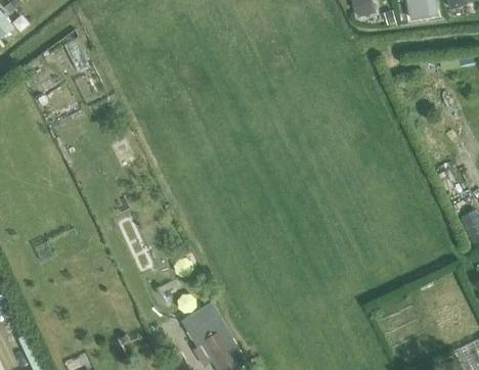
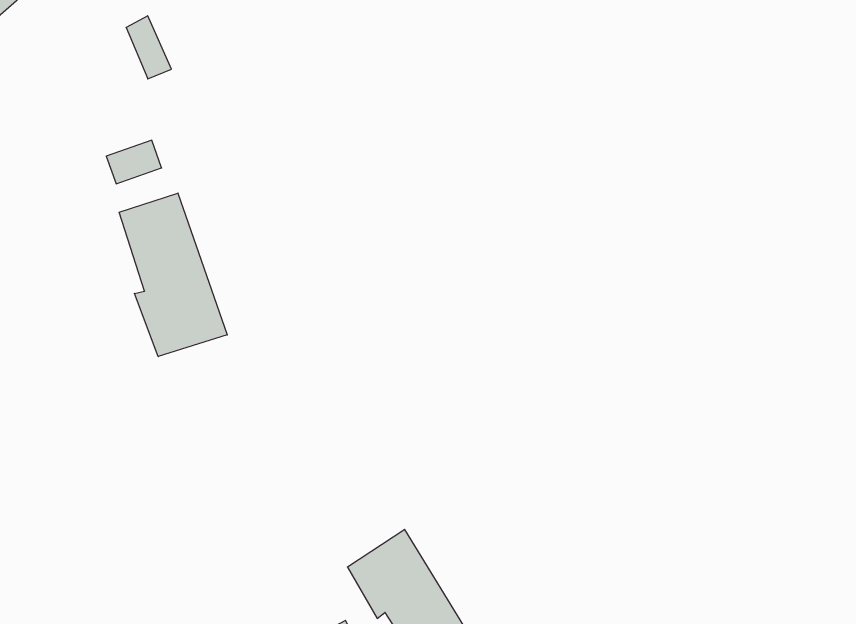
building: none -> [119,193,227,357]

